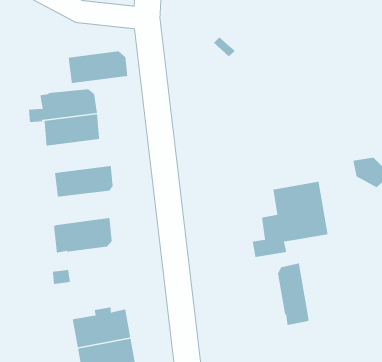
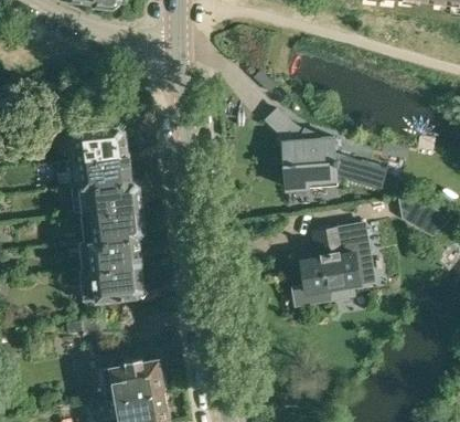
building: [63,50,128,84] -> [74,180,143,215]
building: none -> [267,112,387,191]
building: none -> [82,235,142,271]
building: [277,262,309,326] -> none

